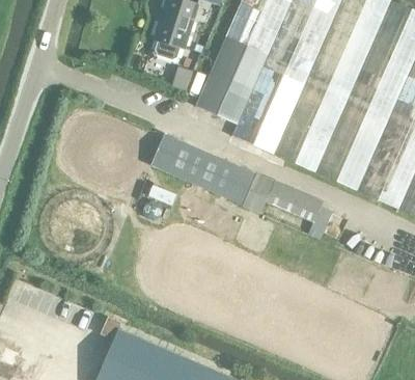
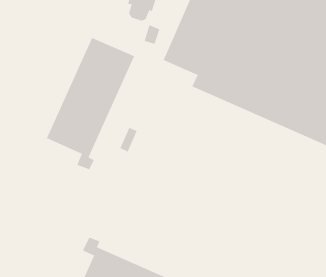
building: none -> [46,37,135,170]
building: [151,133,332,237] -> none

